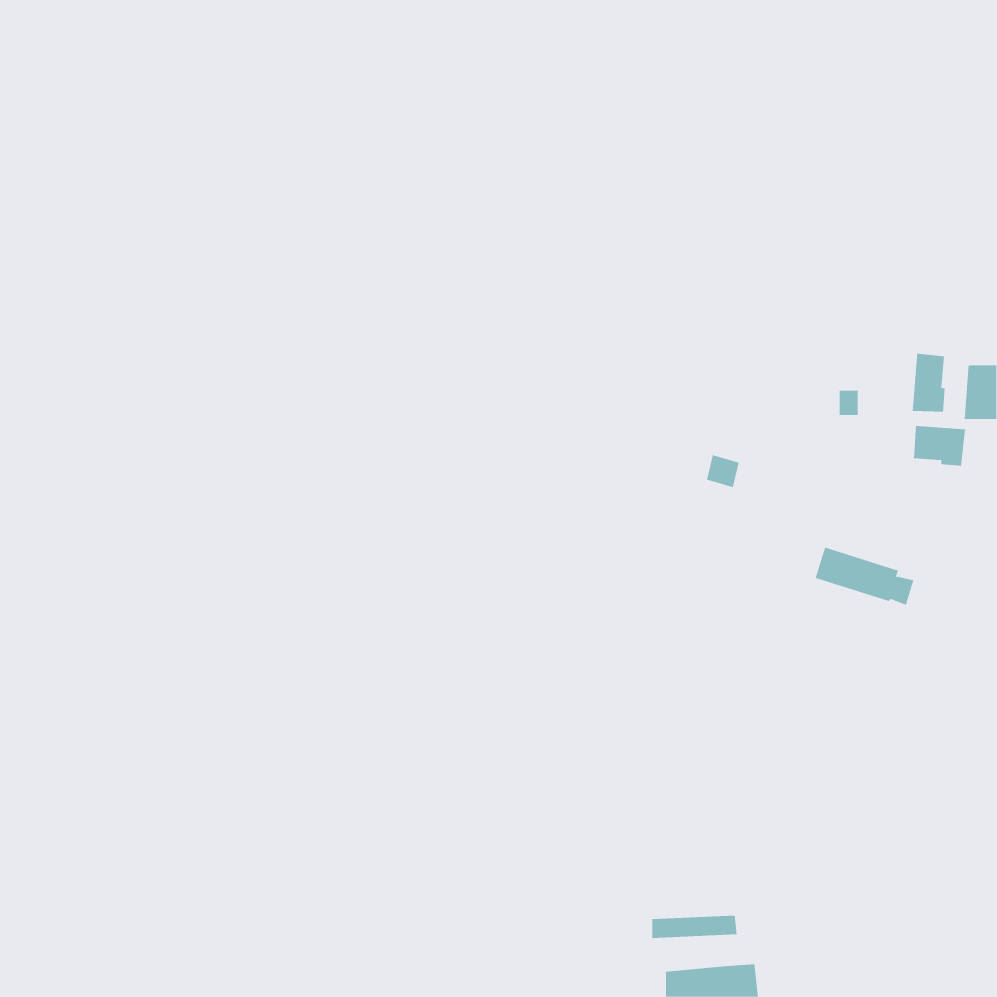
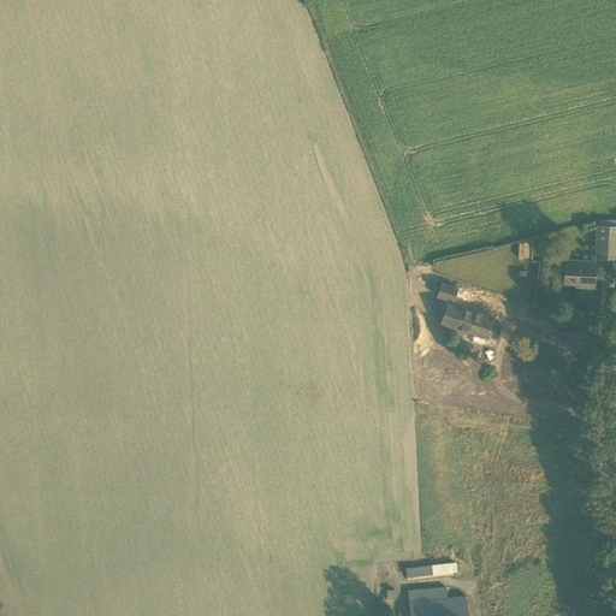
building: [912,353,945,413] -> none
building: [815,547,914,605] -> [440,303,502,339]

